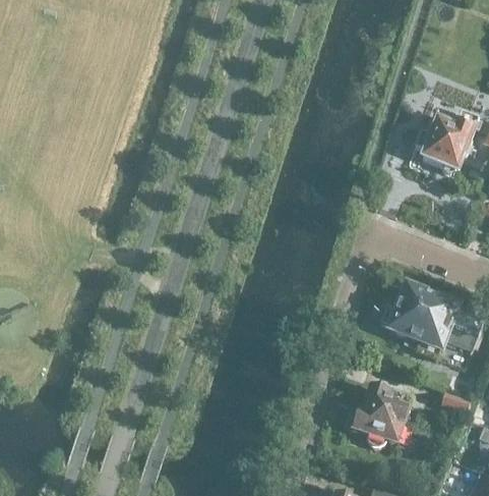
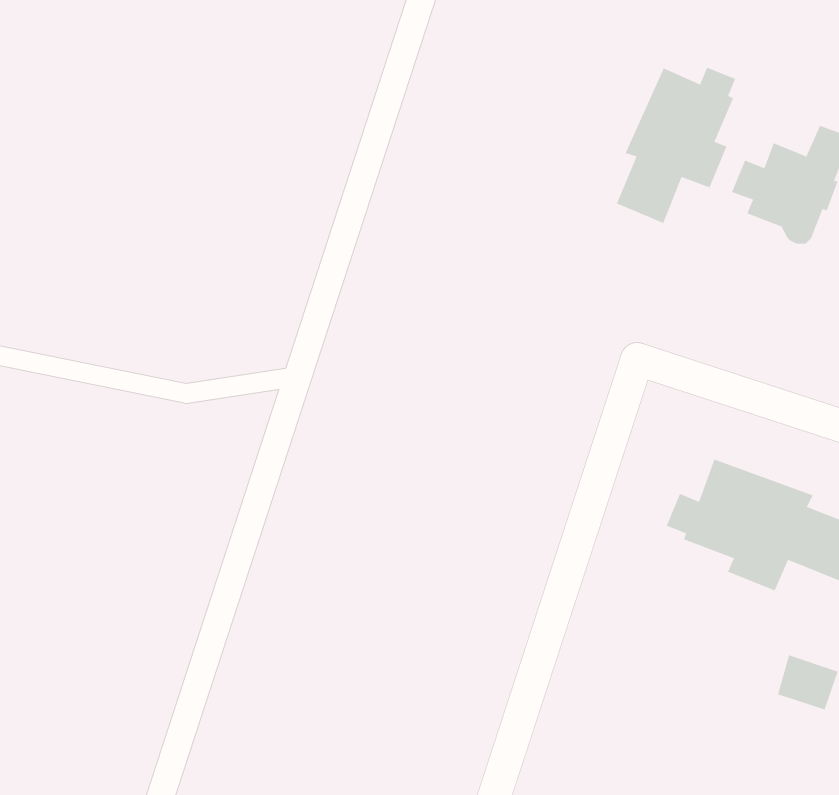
building: none -> [616,67,736,224]
building: [352,385,412,445] -> none

